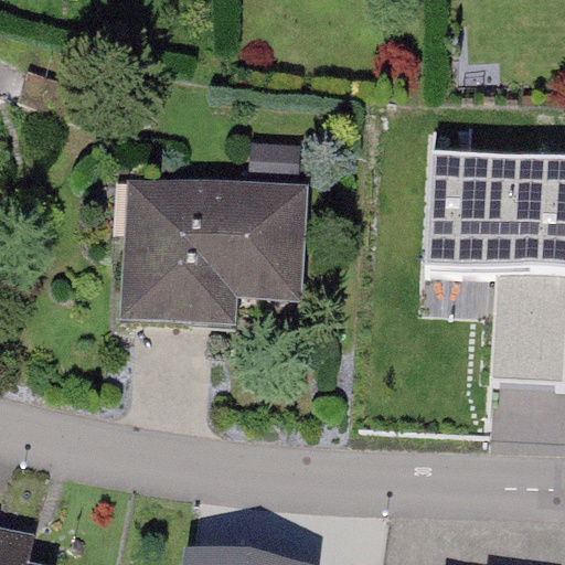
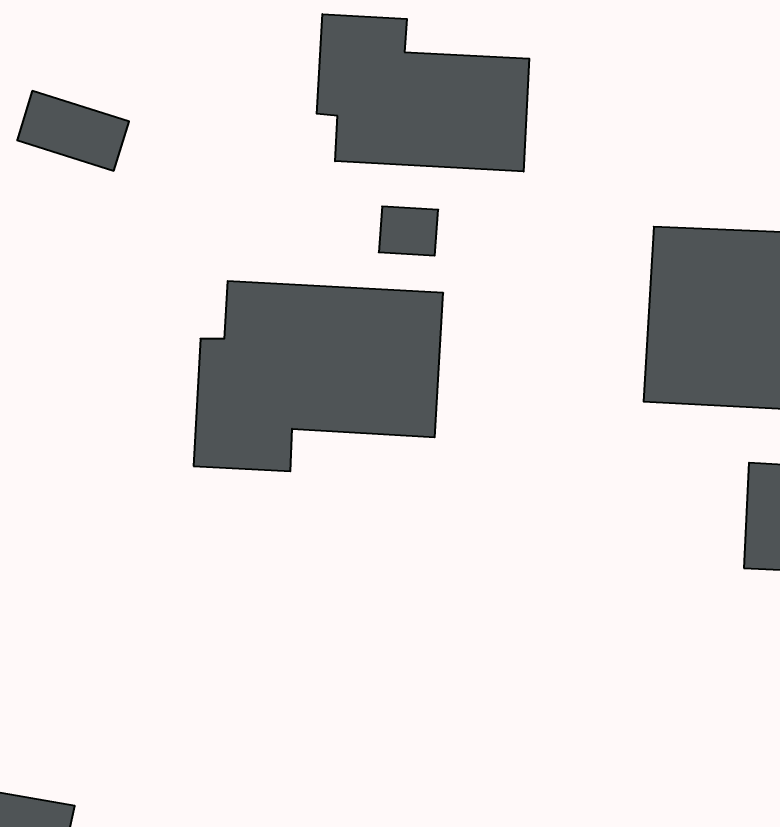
building: none -> [317,14,529,172]

